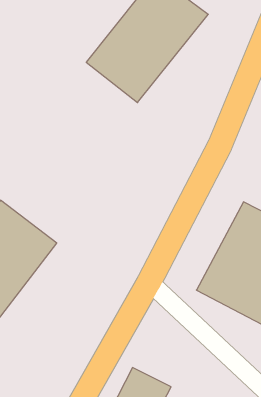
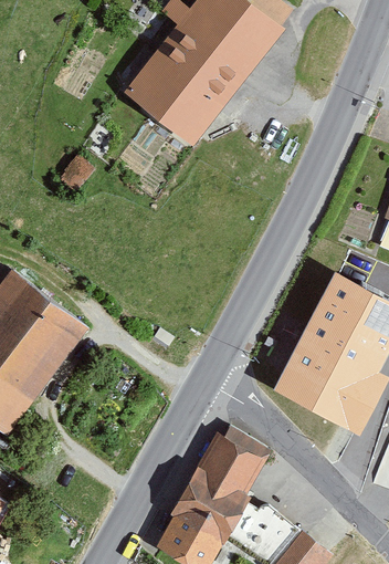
building: none -> [187,432,267,516]

